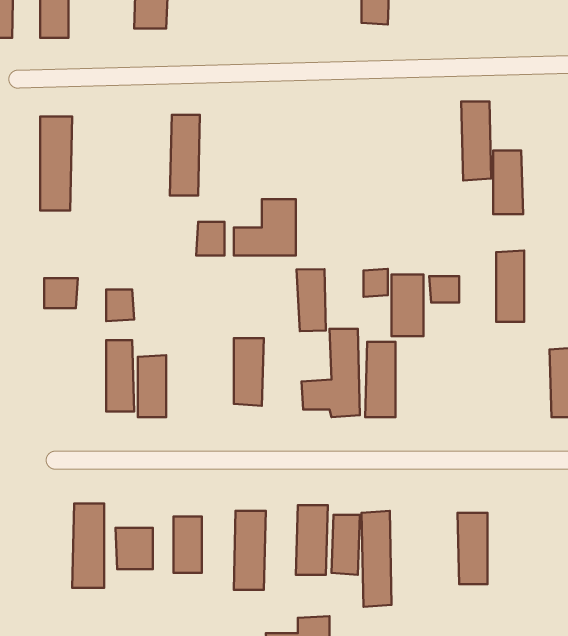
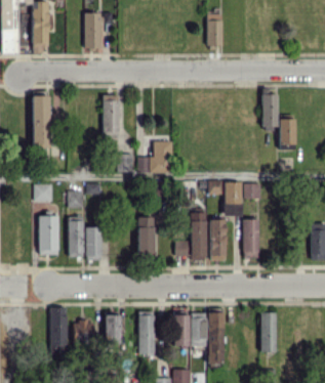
building: [496,250,524,322] -> [244,218,259,257]
building: [297,269,326,331] -> none
building: none -> [39,215,58,255]

